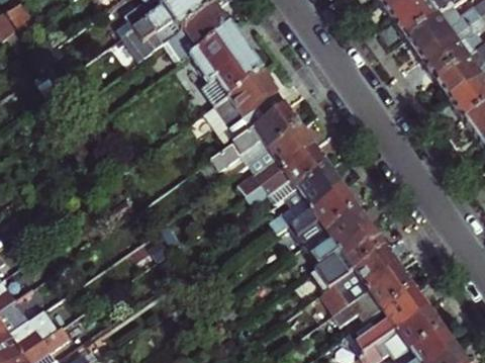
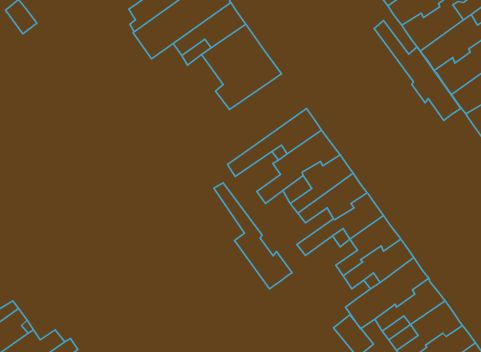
building: none -> [374,21,461,121]
building: [217,75,289,143] -> none
building: none -> [214,183,292,289]

